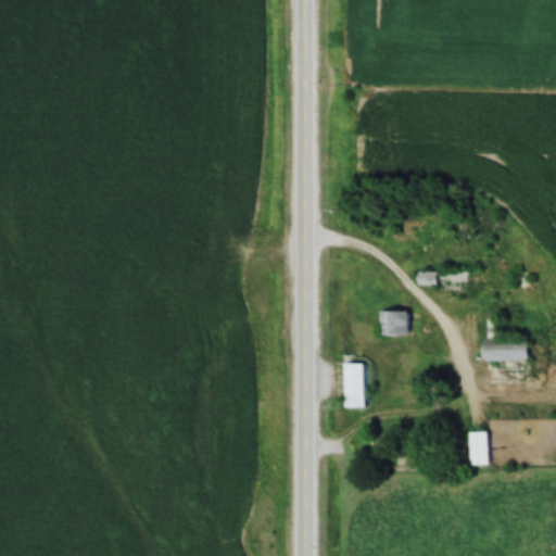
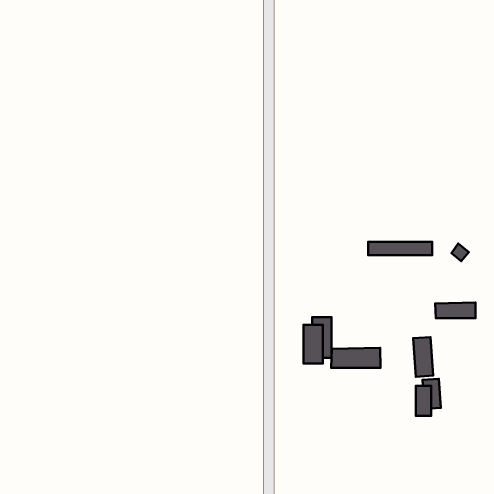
building: [376,314,405,337] -> none
building: none -> [413,337,433,377]
building: none -> [331,348,381,368]

